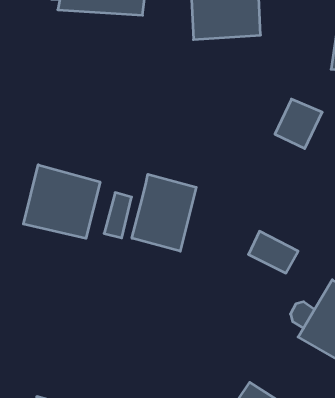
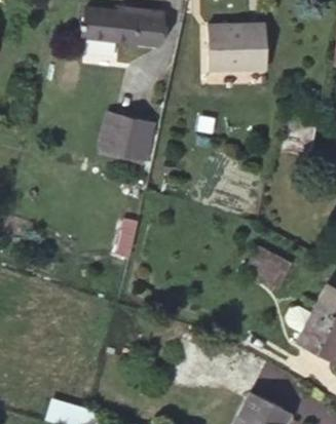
building: none -> [105,116,140,154]
building: [23,165,100,238] -> none
building: [132,174,196,251] -> none

